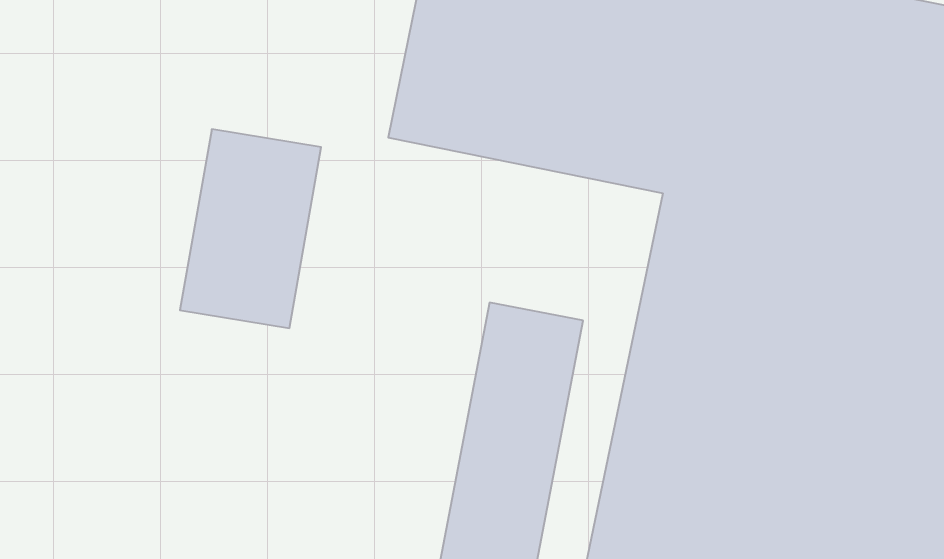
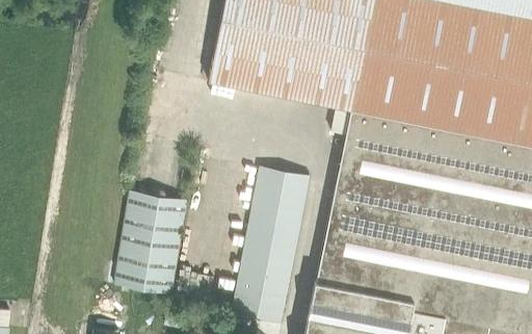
building: [180,129,321,328] -> [114,189,188,293]

